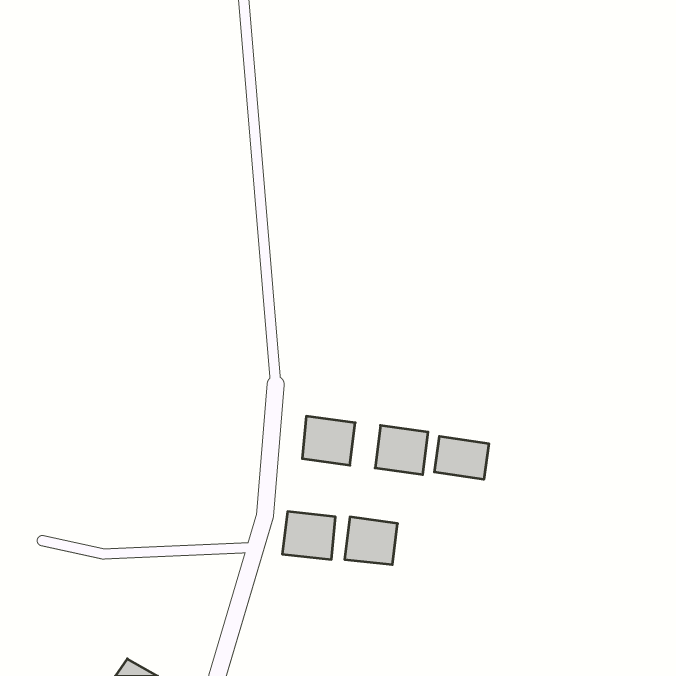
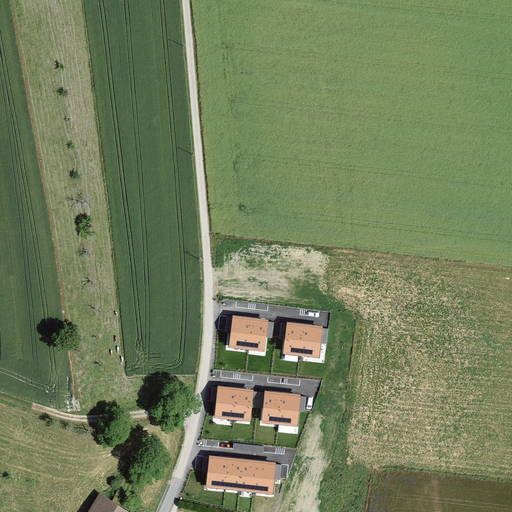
building: [434,436,489,479] -> none
building: none -> [207,454,276,493]

